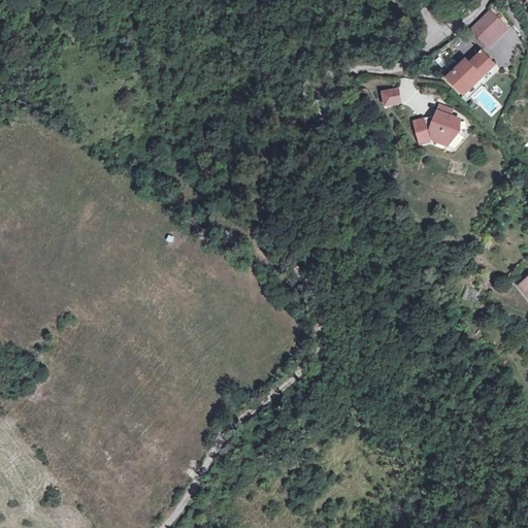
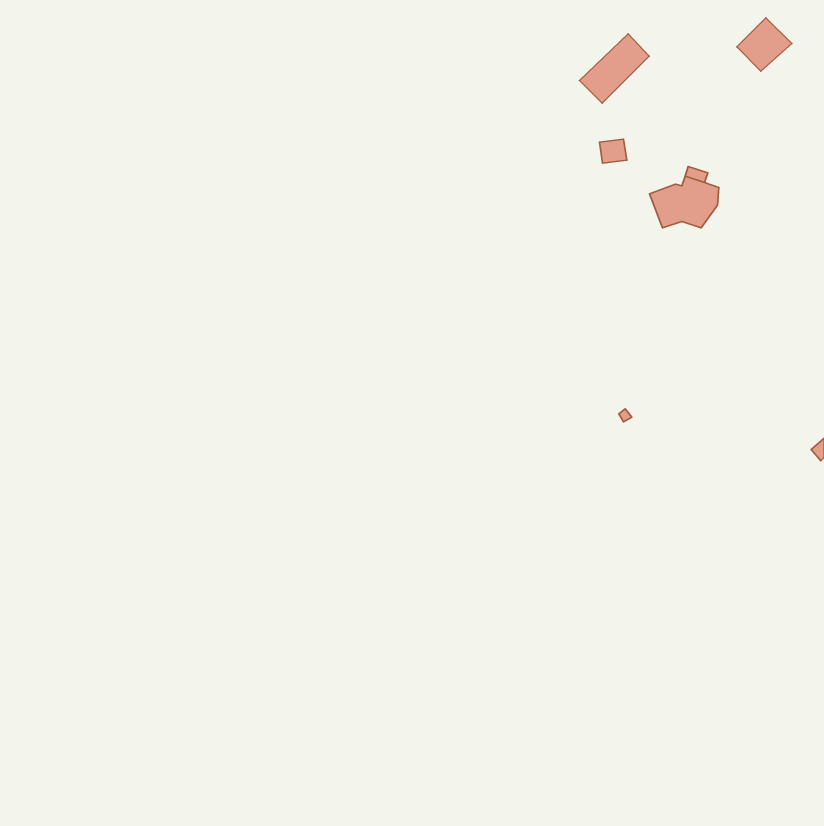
building: [448,50,492,94] -> [580,34,649,103]

